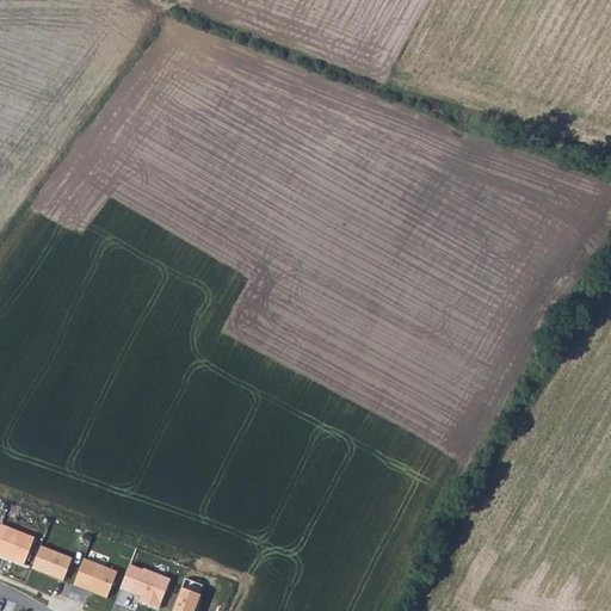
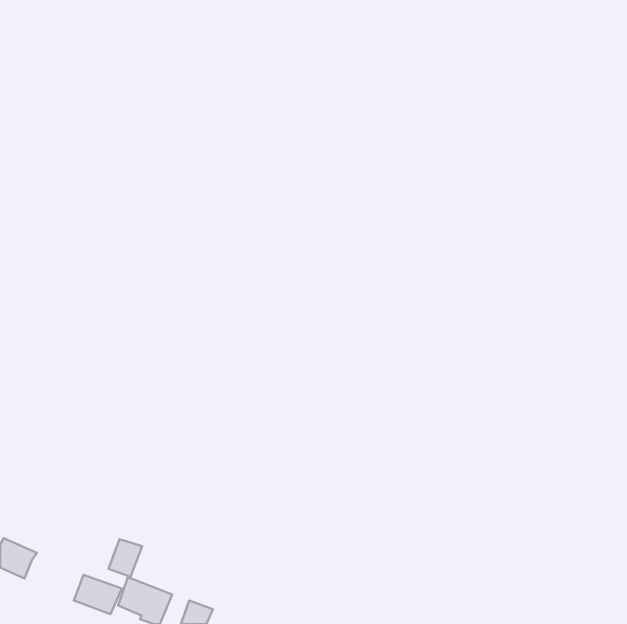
building: none -> [109,539,142,577]
building: [24,544,68,580] -> none

